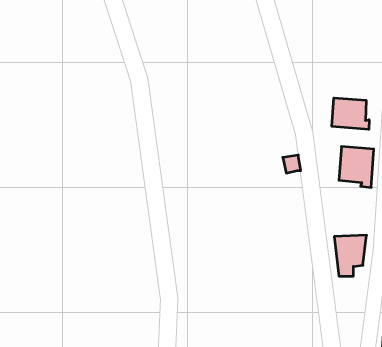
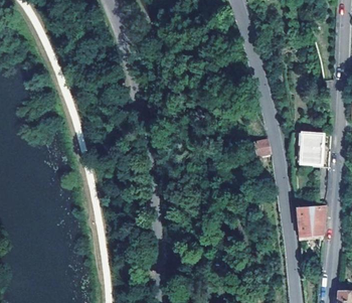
building: [332,98,369,129] -> none

